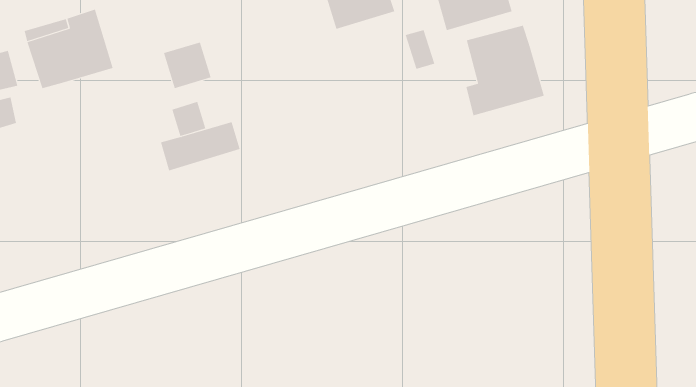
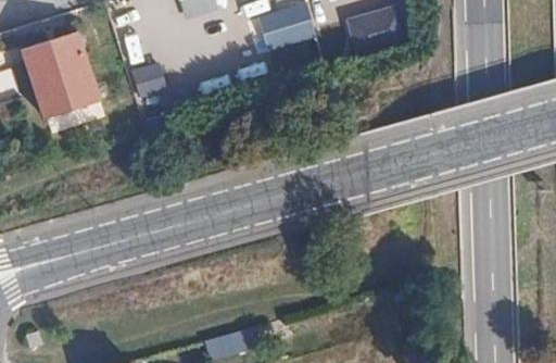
building: [466,25,544,116] -> none
building: [160,121,240,171] -> [36,82,99,121]

